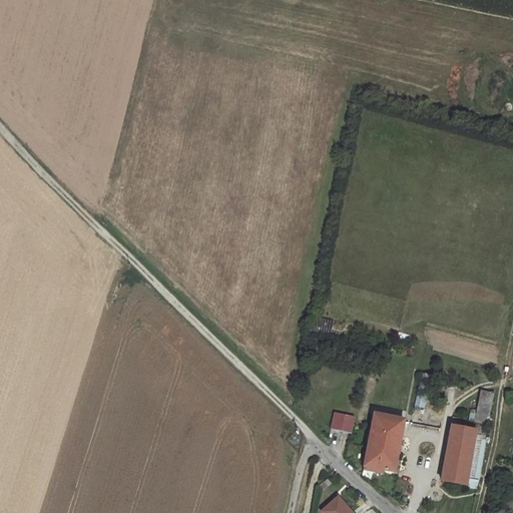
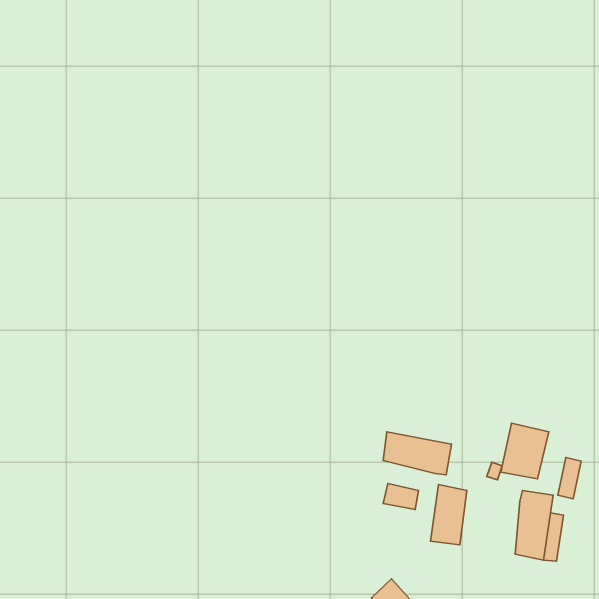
building: none -> [501,423,549,479]
building: none -> [383,432,452,475]

